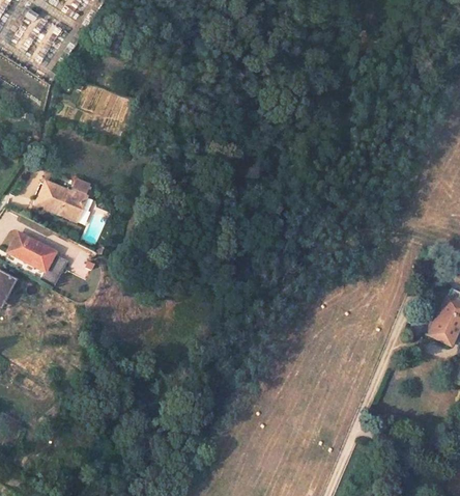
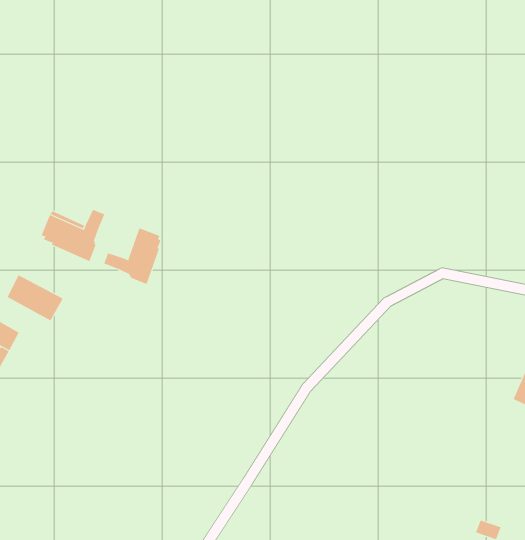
building: none -> [103,228,161,285]

